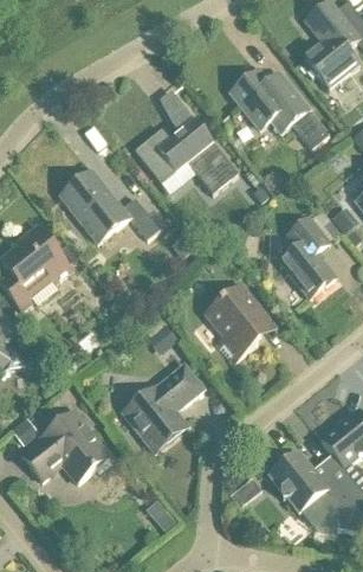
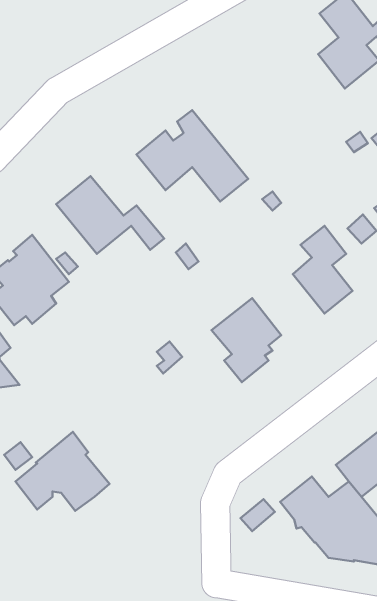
building: [231,69,328,147] -> none
building: [122,364,203,450] -> none

